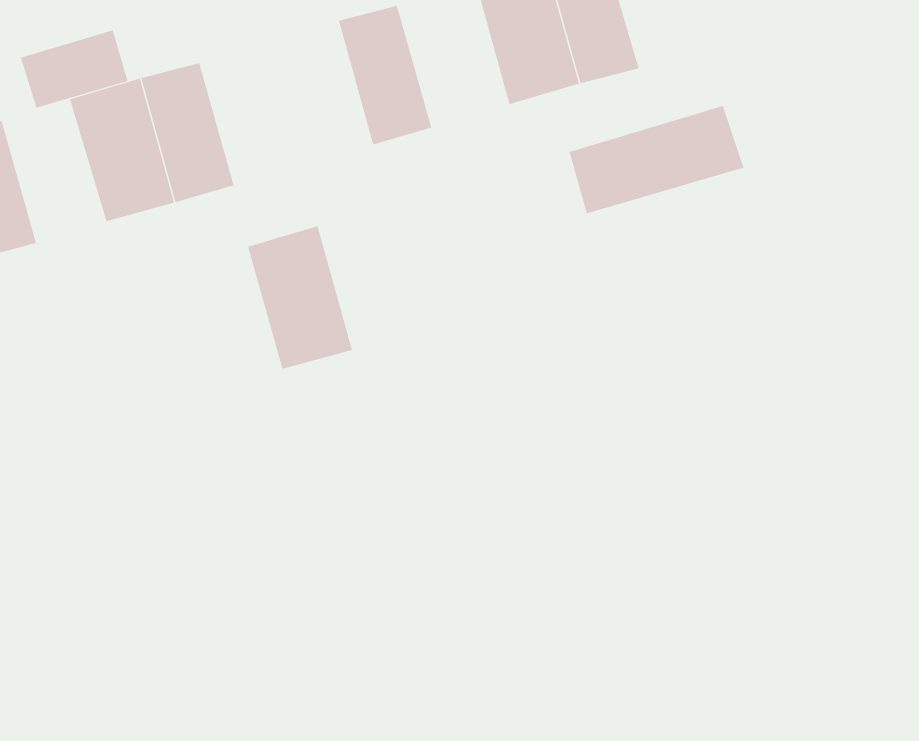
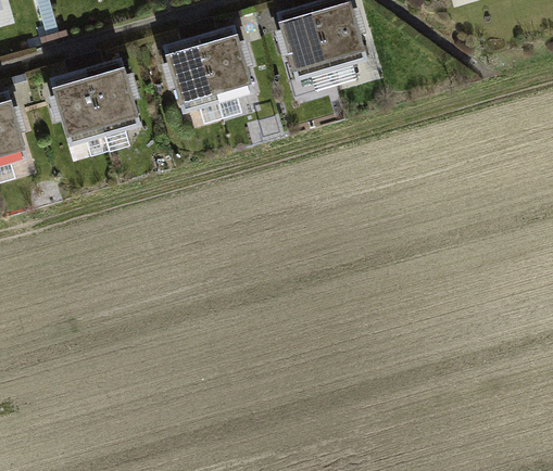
building: [20,29,128,108] -> none
building: [569,105,744,214] -> none
building: [247,225,353,369] -> [161,38,221,119]

